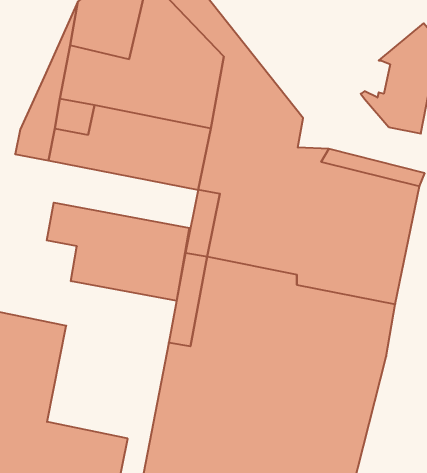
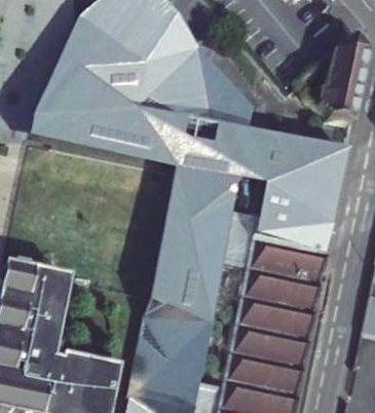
building: [47,203,189,301] -> none

